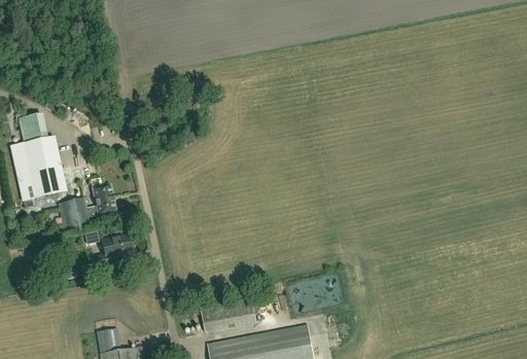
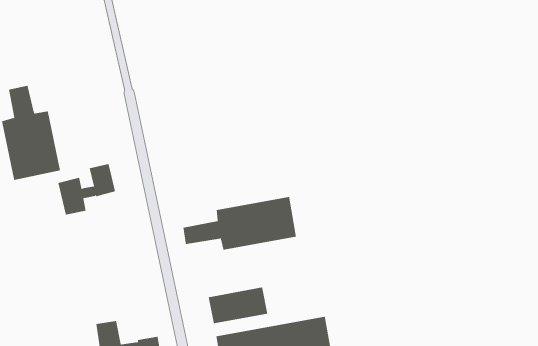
building: none -> [183,196,297,251]
building: [96,235,131,267] -> none

